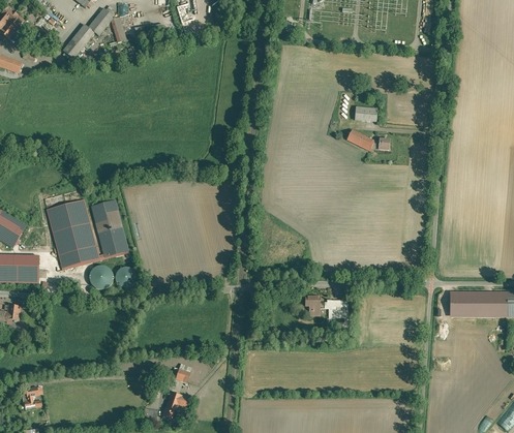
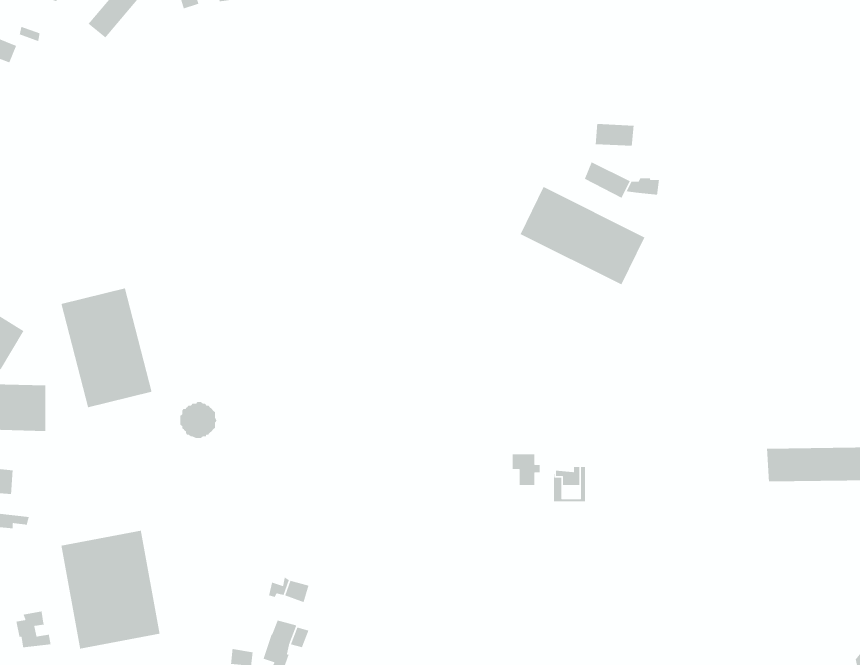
building: none -> [520,186,646,286]
building: [91,199,127,255] -> none
building: [88,265,114,290] -> none
building: none -> [61,530,161,649]

